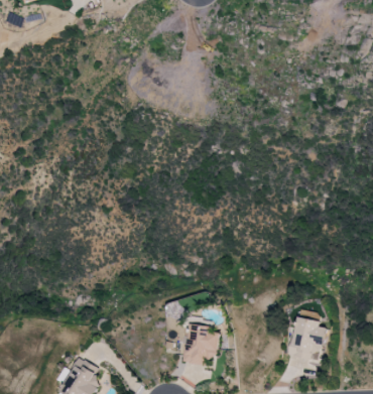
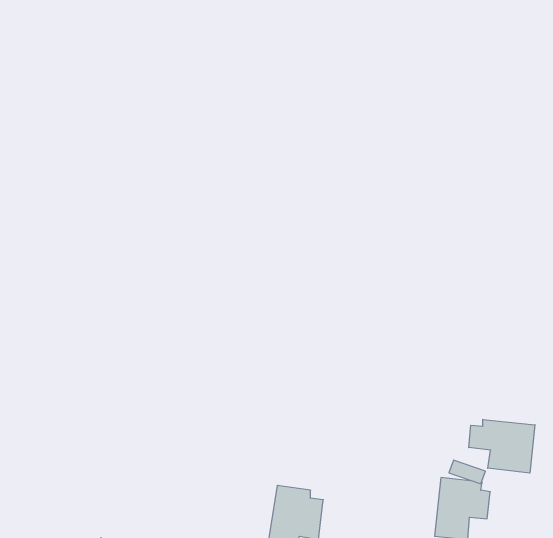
building: none -> [469,419,535,473]

